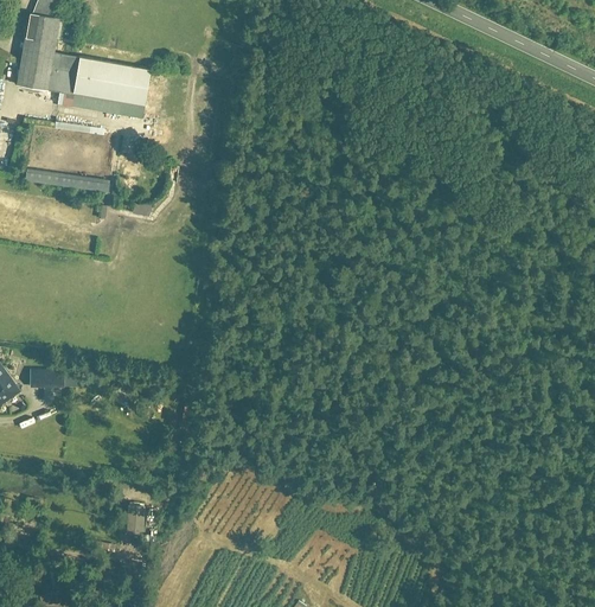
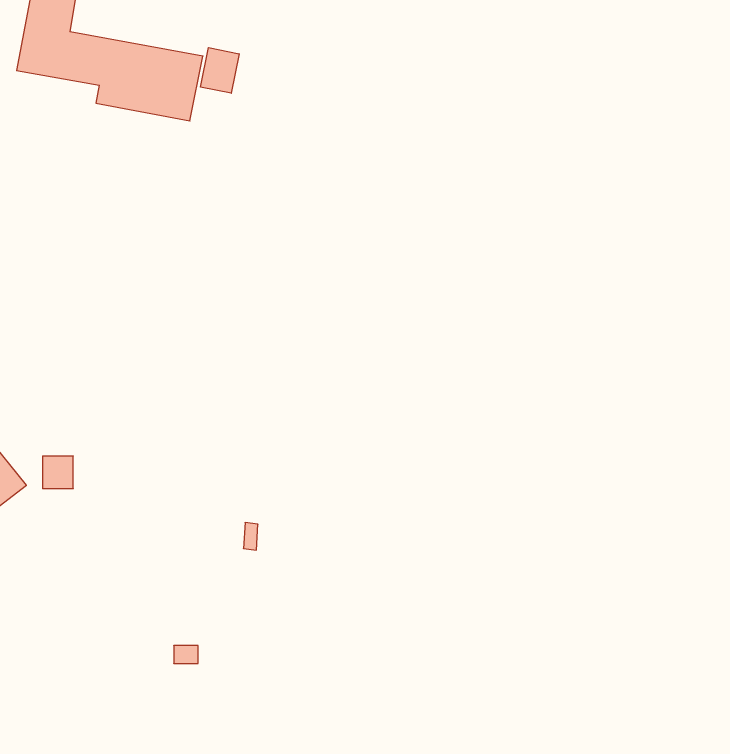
building: none -> [201,48,239,93]

